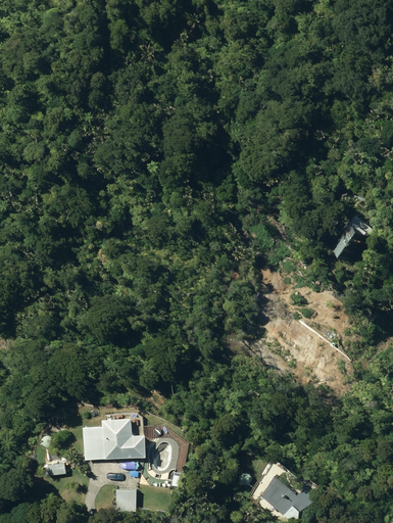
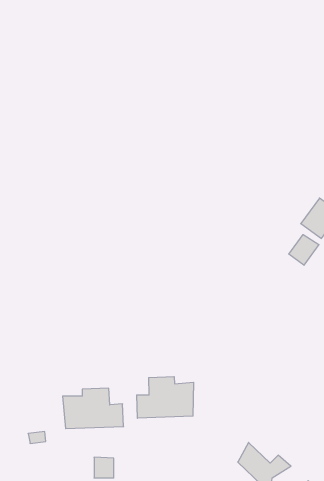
building: none -> [289,235,319,265]
building: none -> [137,377,193,418]

